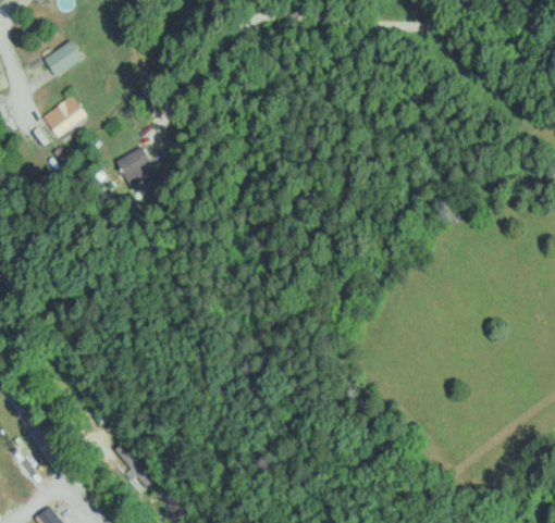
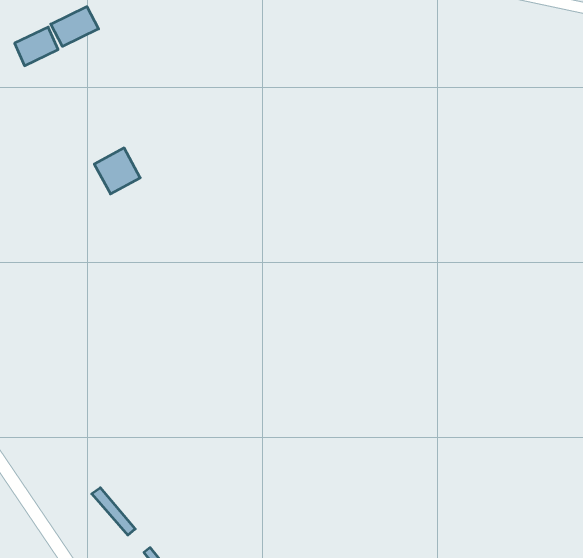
building: none -> [51,7,99,46]
building: [42,96,86,137] -> none

